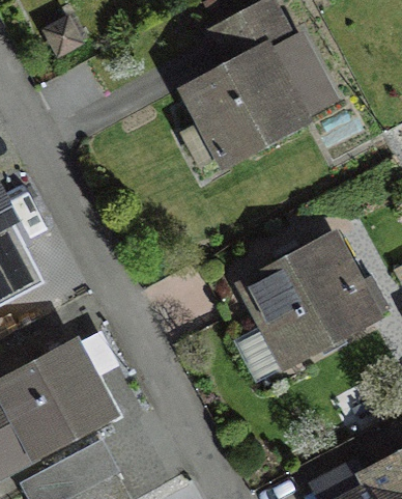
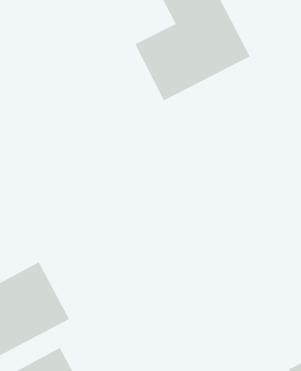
building: [251,241,374,360] -> none

